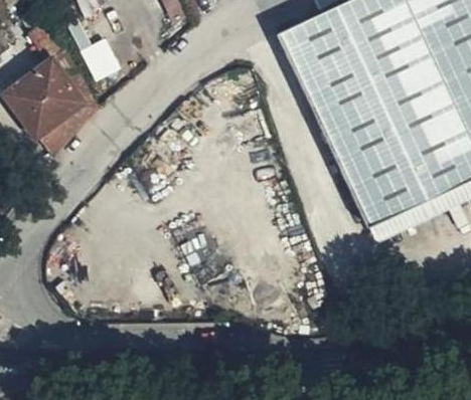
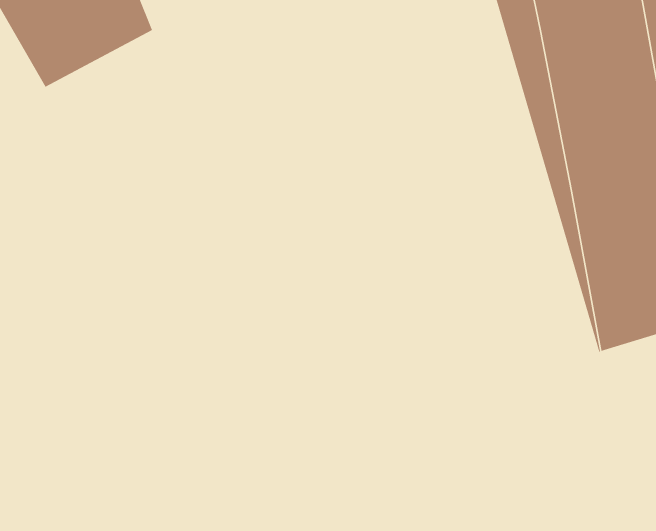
building: [39,91,102,156] -> none

